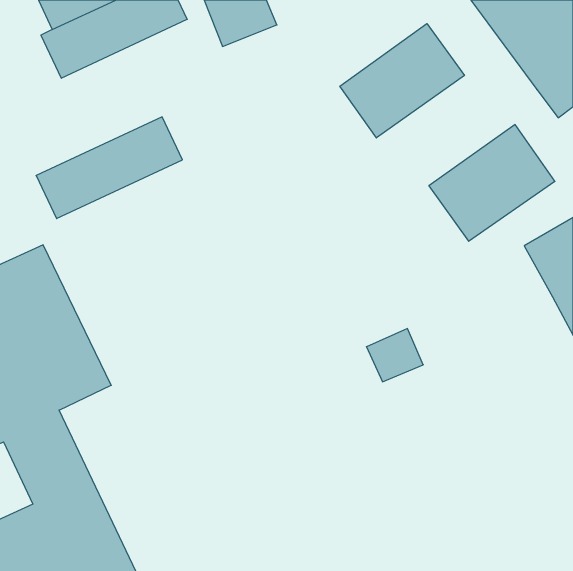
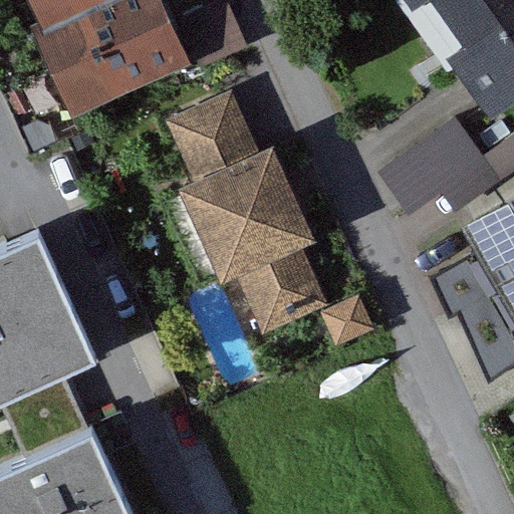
building: [340,24,464,138] -> none
building: none -> [171,92,326,332]
building: [36,117,182,219] -> [54,24,184,114]

